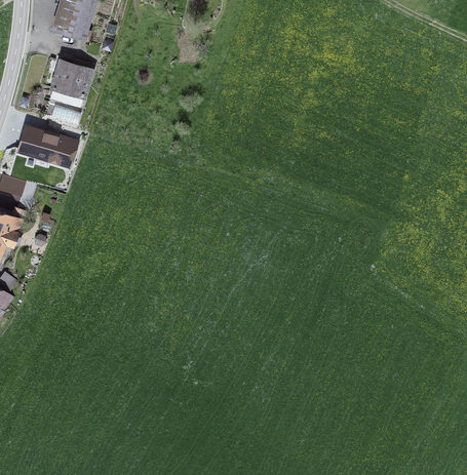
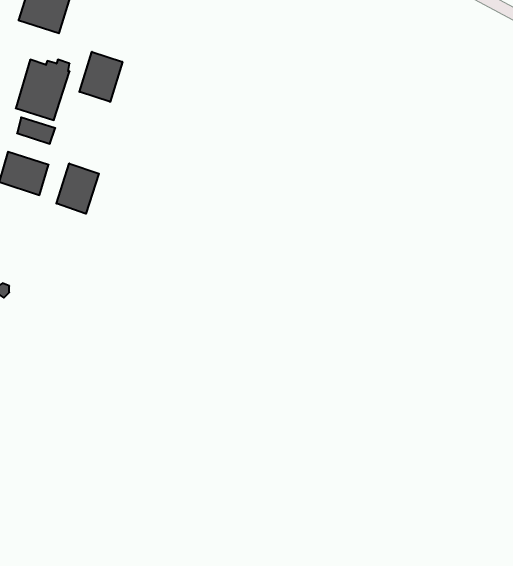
building: none -> [79,52,122,102]
building: none -> [56,163,99,214]

